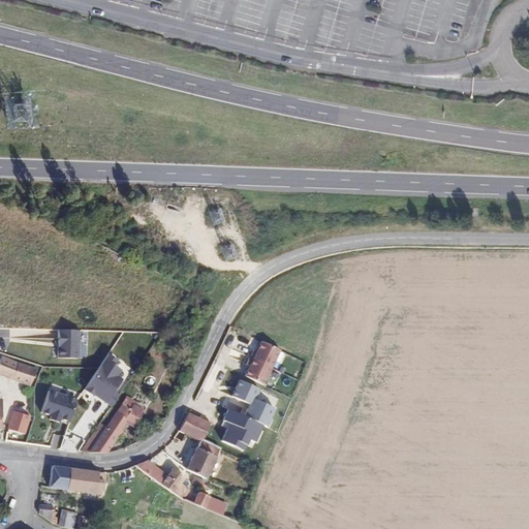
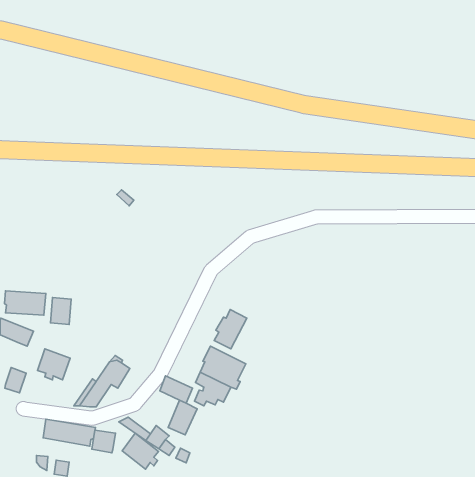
building: none -> [4,291,46,315]
building: [85,355,122,406] -> none
building: none -> [92,430,115,453]
building: none -> [122,433,158,469]

